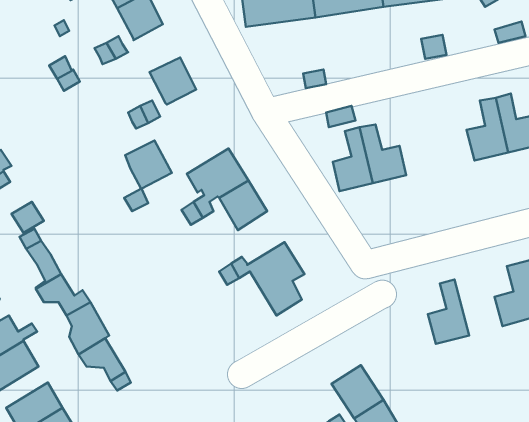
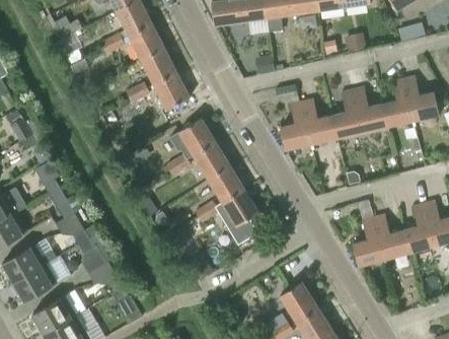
building: none -> [129,23,164,60]
building: none -> [330,88,387,138]
building: [125,141,172,189] -> [154,73,190,110]
building: none -> [208,165,243,206]
building: none -> [372,214,408,260]

